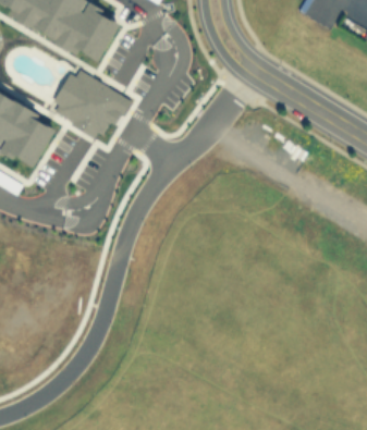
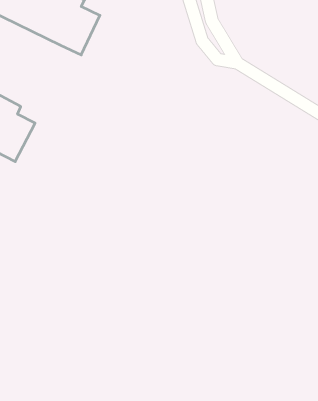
building: [49,69,131,137] -> none

